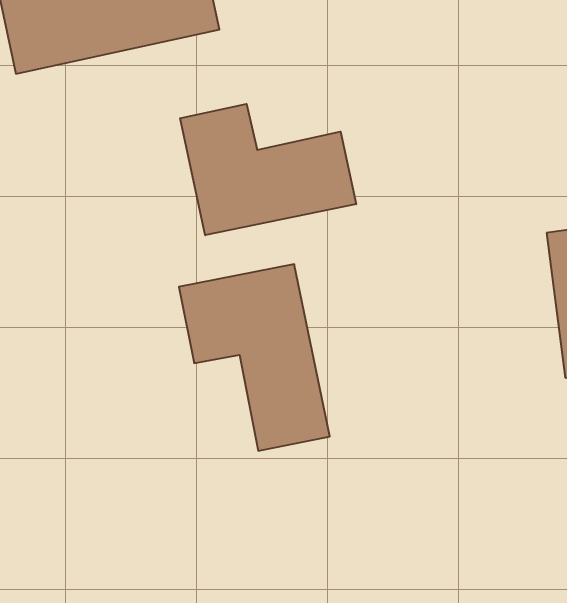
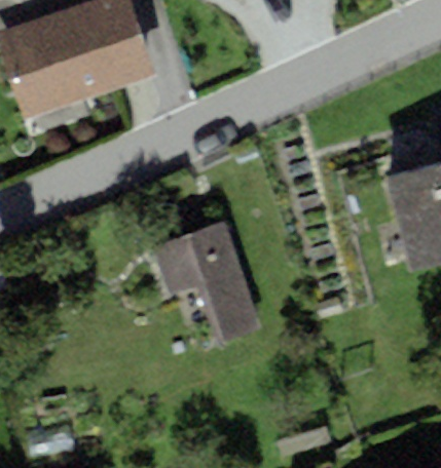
building: [180,104,356,235] -> none

